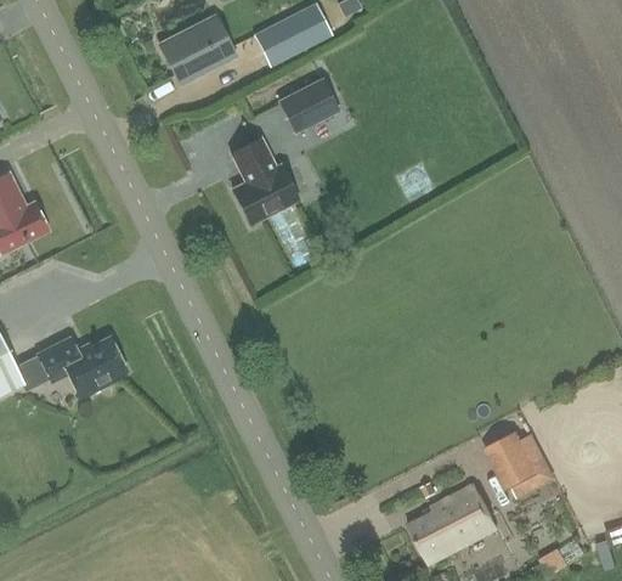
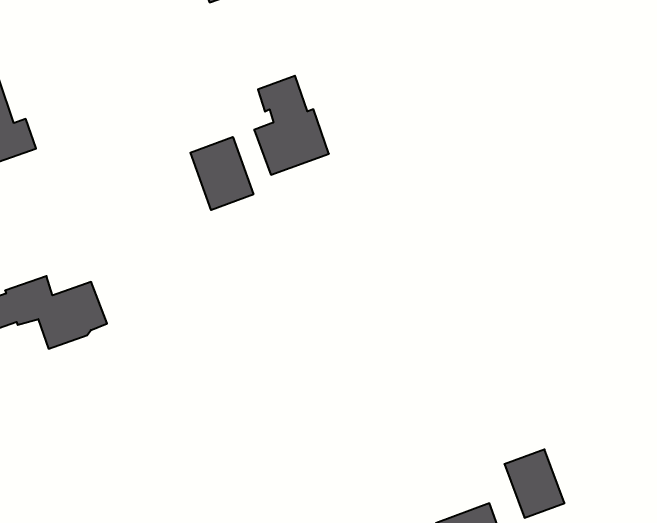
building: [278,78,340,132] -> none
building: none -> [190,137,253,210]

